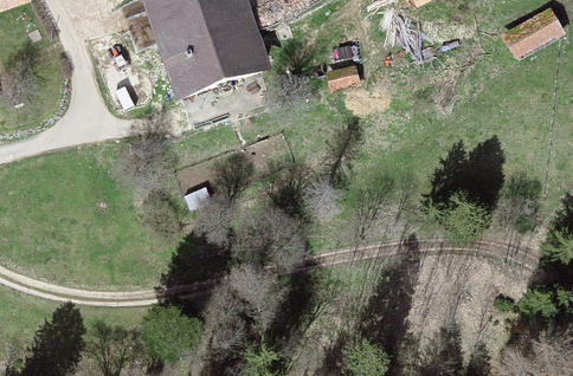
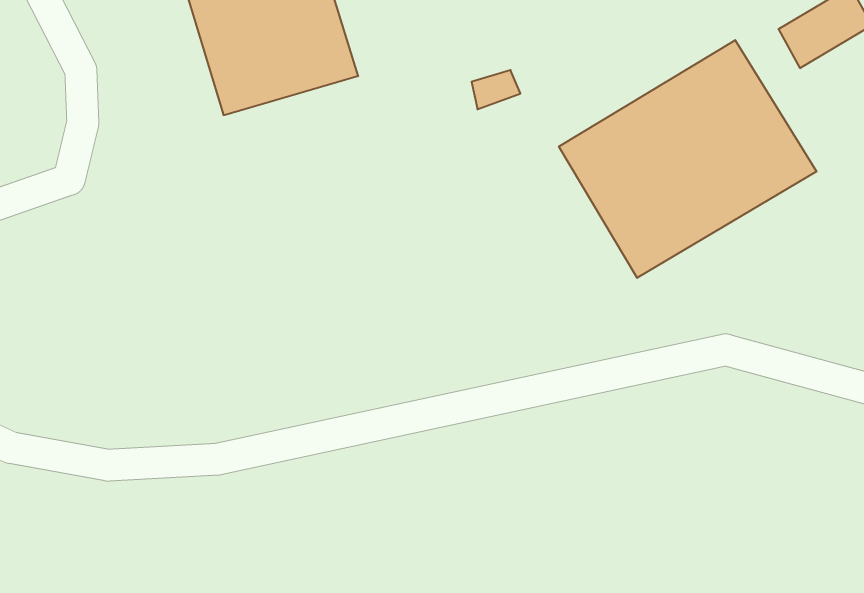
building: none -> [559,40,816,278]

